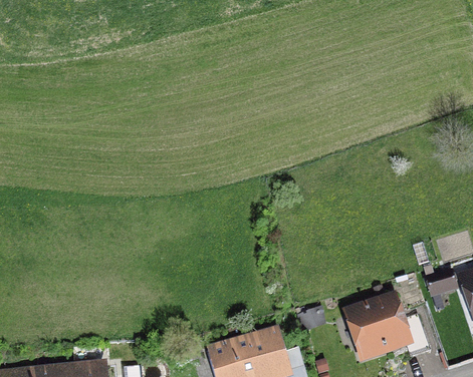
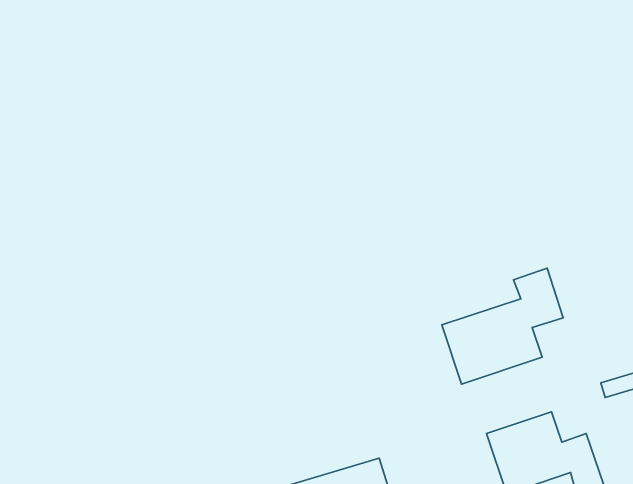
building: none -> [442,268,563,384]

